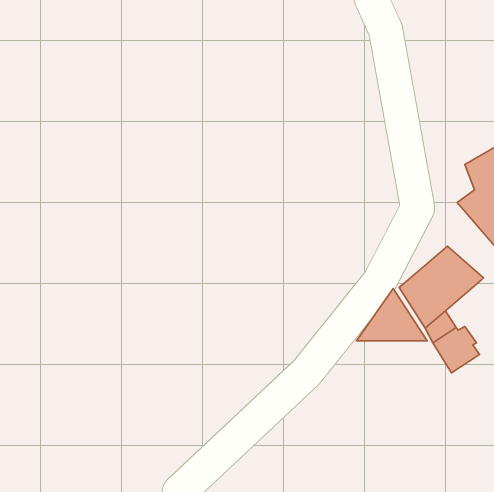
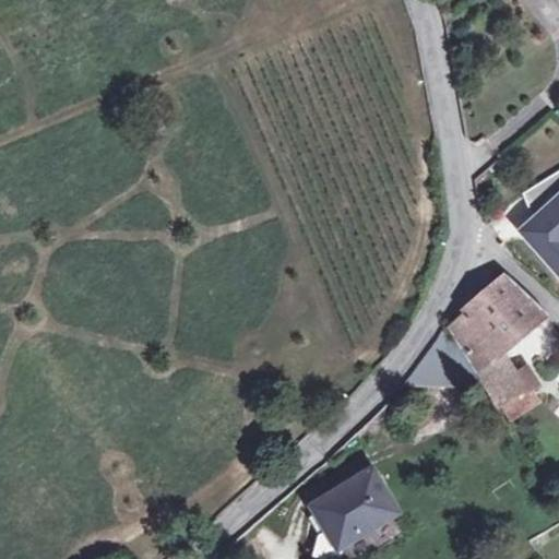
building: none -> [318,469,397,544]

